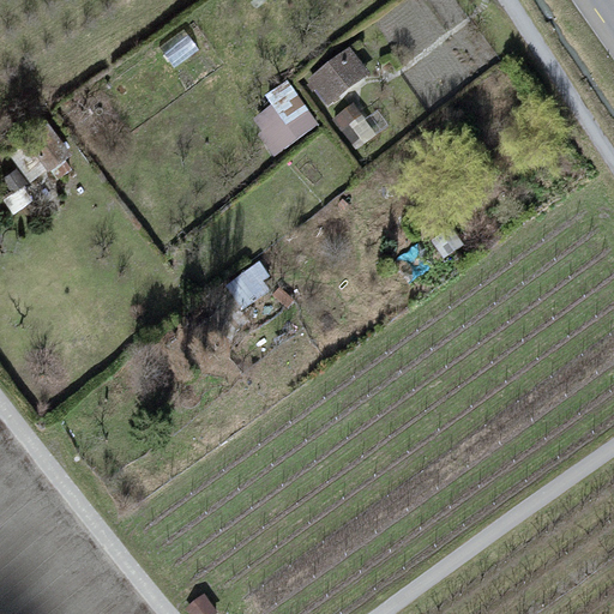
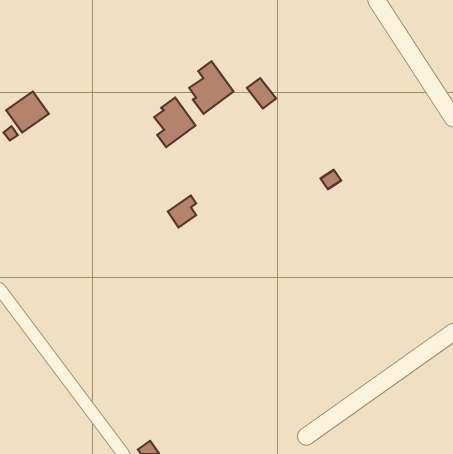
building: [311,49,366,101] -> none
building: none -> [154,98,196,147]

